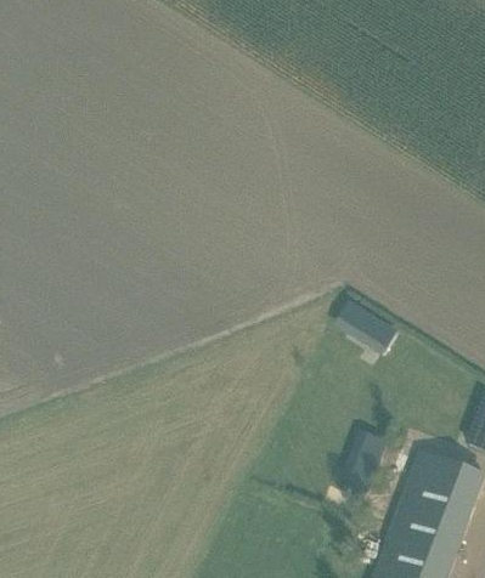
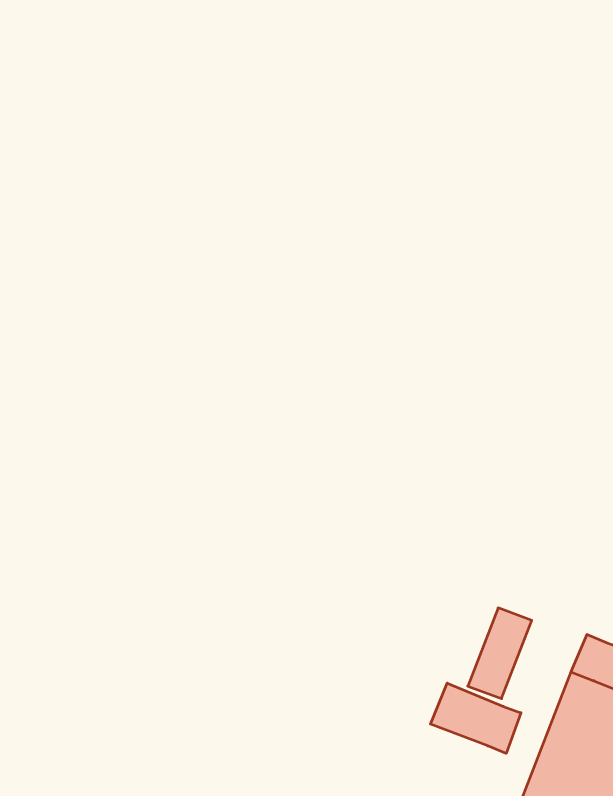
building: [332,301,396,356] -> none
building: none -> [430,683,521,753]

